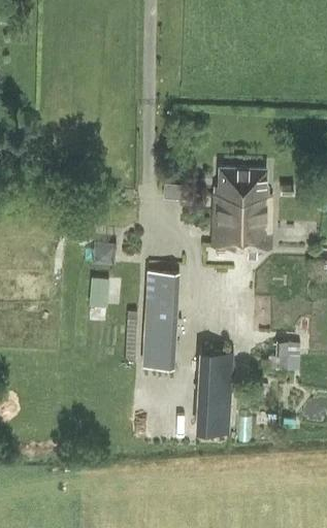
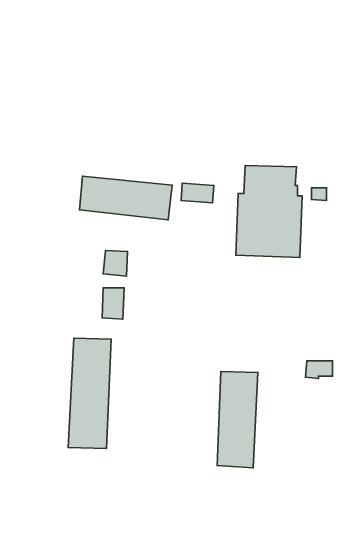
building: none -> [80,176,172,220]
building: [140,272,178,370] -> [68,338,111,449]

